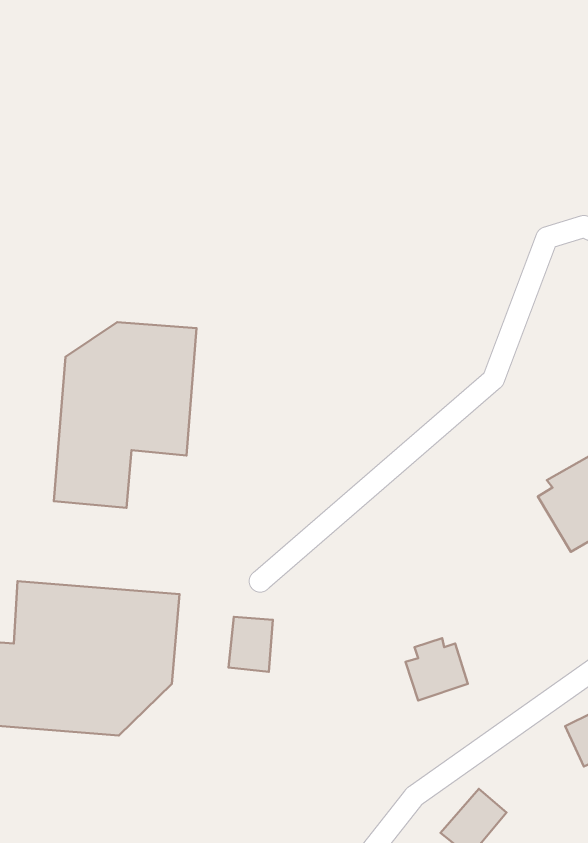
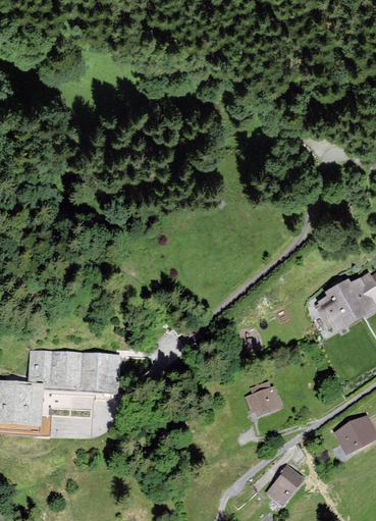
building: [54,322,197,508] -> none
building: [228,617,273,672] -> none

